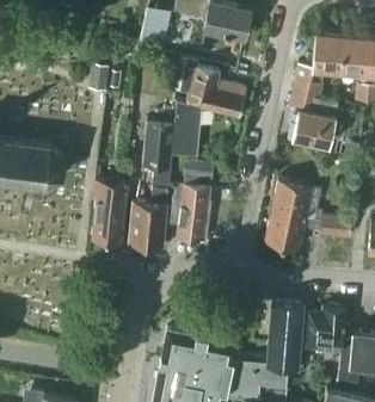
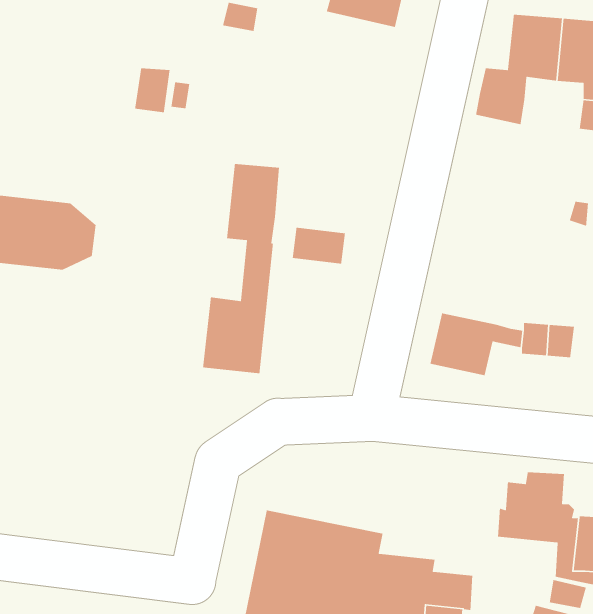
building: [173,57,247,157] -> none
building: [289,94,338,147] -> none
building: [92,181,128,245] -> none
building: [272,181,313,219] -> none
building: [170,185,208,242] -> none
building: [268,302,305,371] -> none

